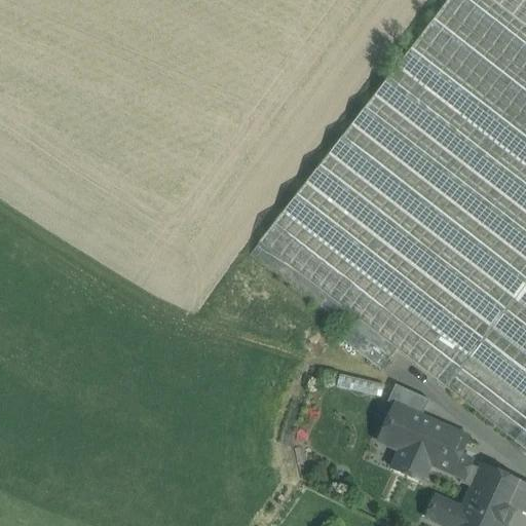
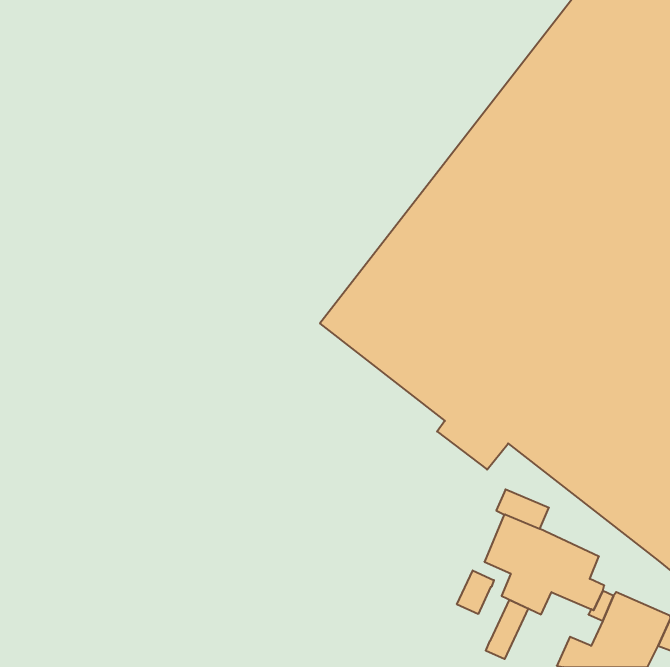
building: none -> [457,570,494,614]
building: none -> [486,600,528,659]

